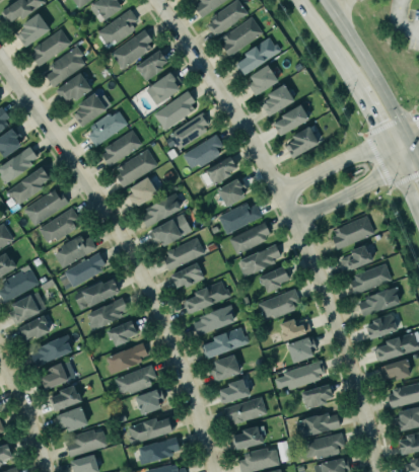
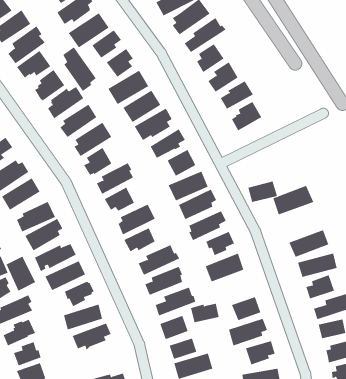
building: none -> [62,46,97,92]
building: [340,248,372,271] -> [248,181,278,203]
building: none -> [6,256,36,291]
building: [279,319,310,340] -> [190,303,219,323]
building: [135,389,166,414] -> none

